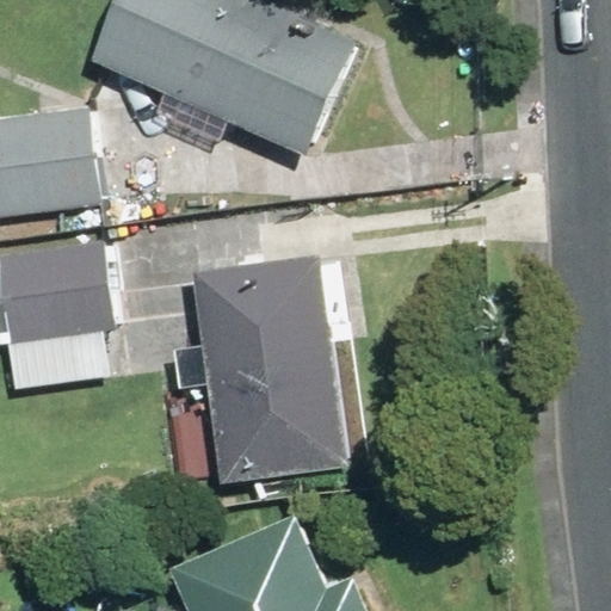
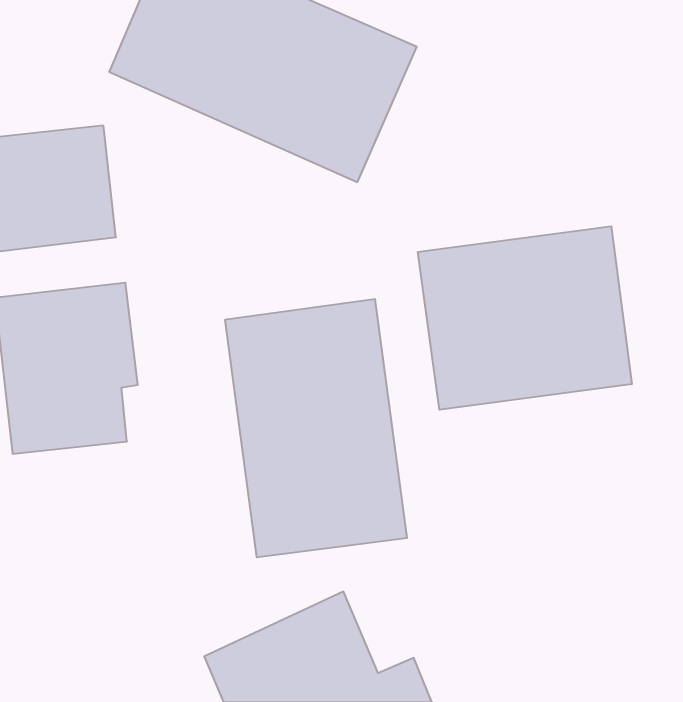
building: none -> [418,226,632,410]

